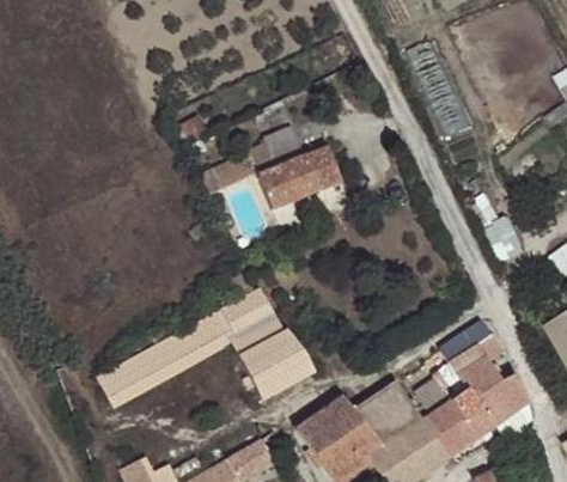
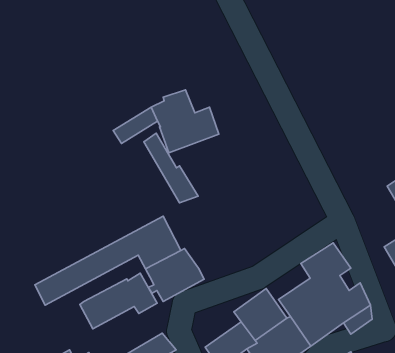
building: none -> [144,133,198,203]
building: none -> [80,273,157,329]
building: [300,398,365,457] -> none

